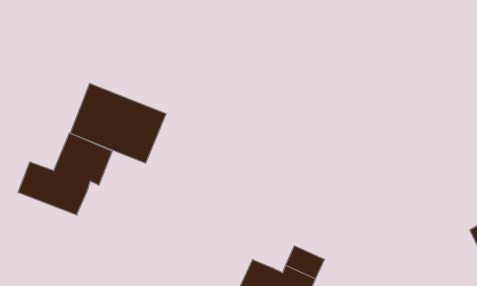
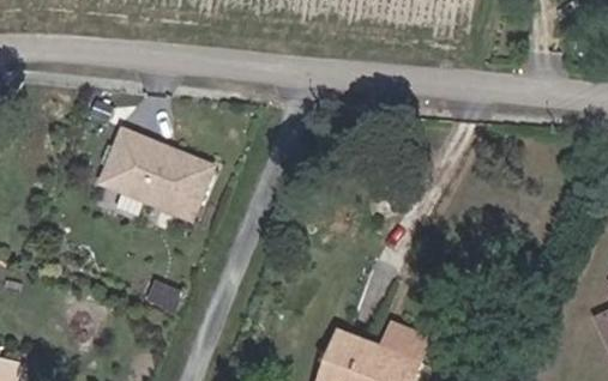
building: [18,133,112,215] -> none

